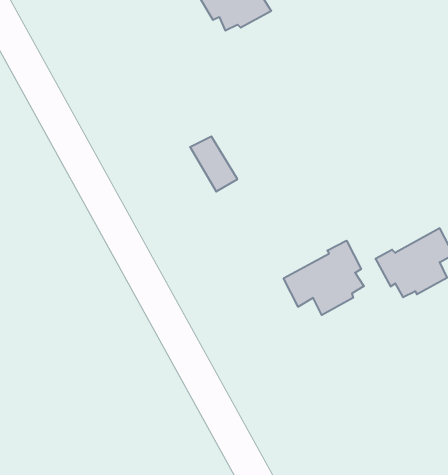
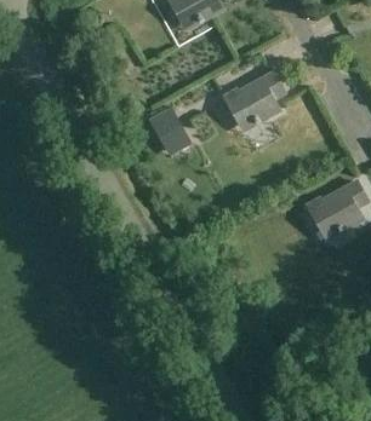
building: none -> [221,73,284,127]
building: [284,241,364,315] -> none

